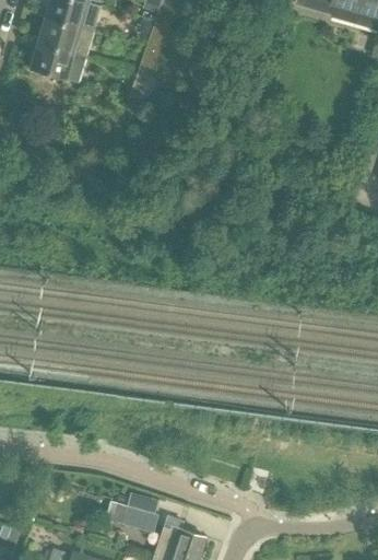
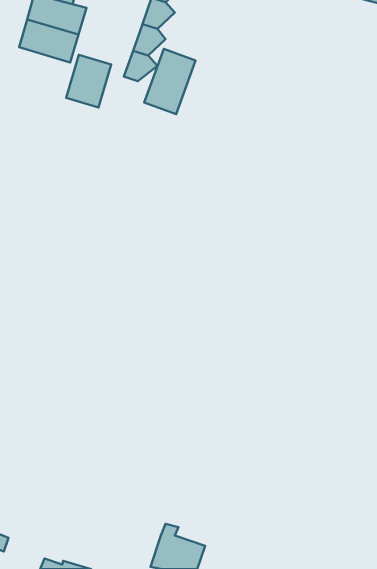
building: none -> [144,49,196,114]
building: none -> [66,55,111,108]
building: [106,501,157,532] -> none

